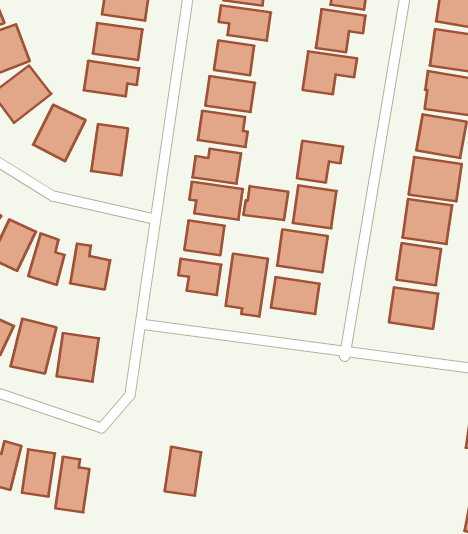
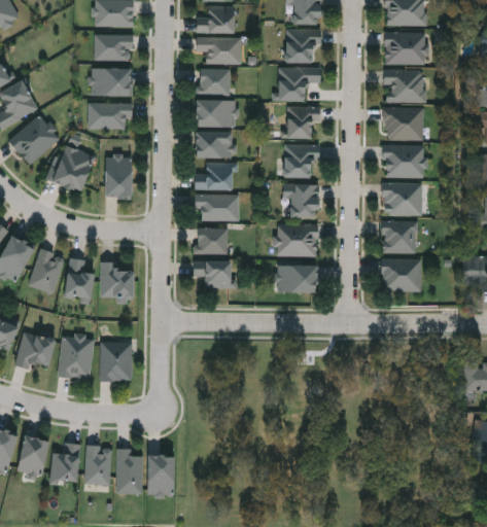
building: none -> [287,107,320,138]
building: [244,186,288,220] -> none
building: [226,254,268,317] -> none
building: [165,447,201,496] -> [145,456,172,495]

